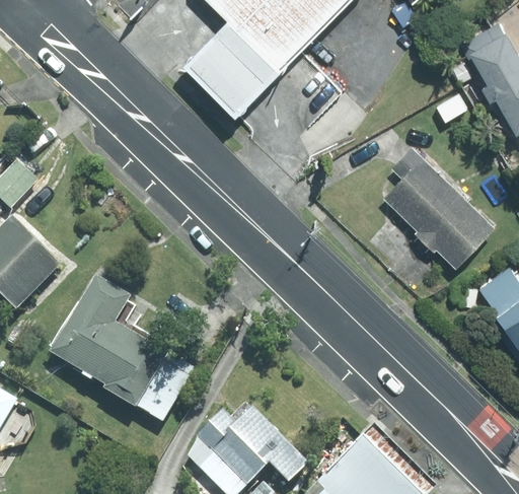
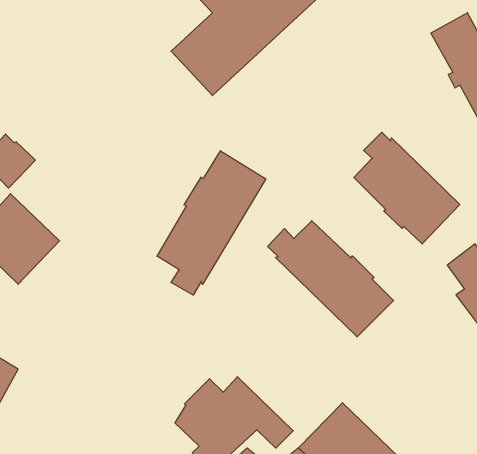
building: none -> [157,151,266,295]
building: none -> [268,221,394,337]
building: [57,276,202,423] -> none

